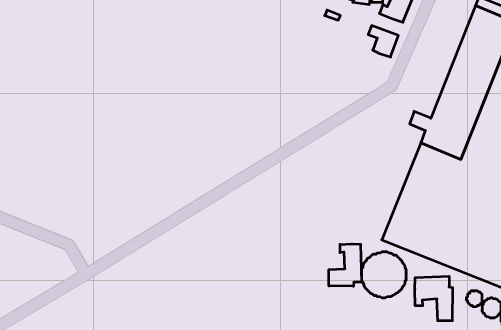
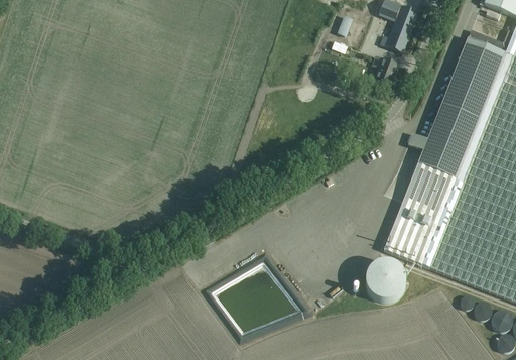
building: [329,244,362,286] -> none
building: [415,276,453,321] -> none

